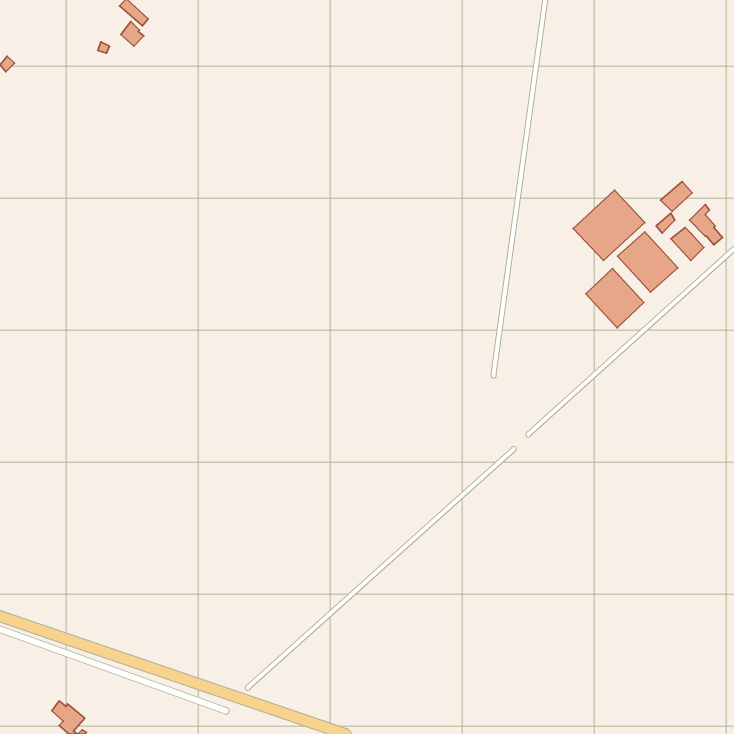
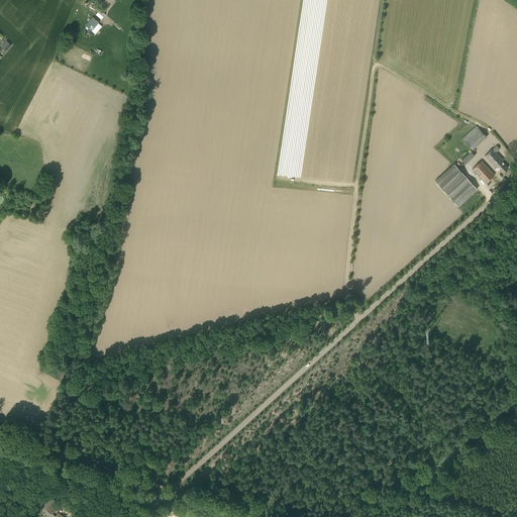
building: [573,190,645,261] -> none
building: [586,269,644,328] -> none

